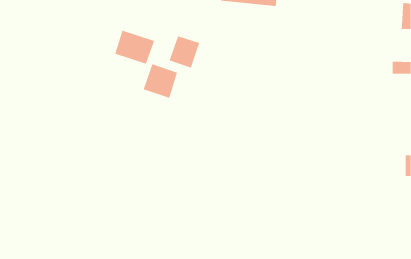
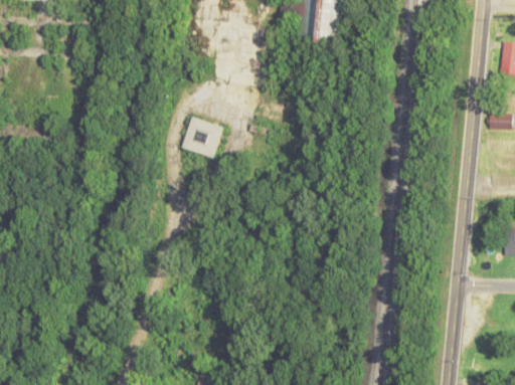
building: [114,30,155,64] -> none
building: [169,36,200,68] -> none

